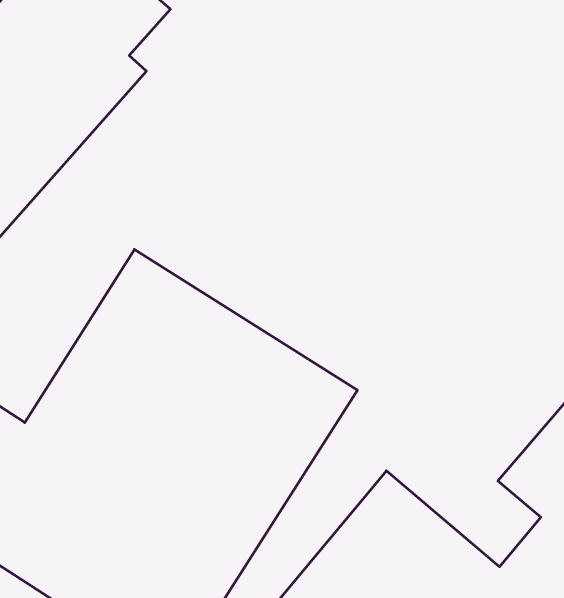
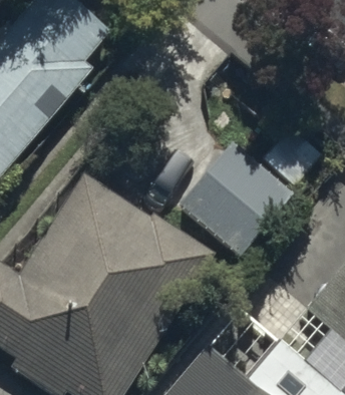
building: none -> [176,144,291,260]

